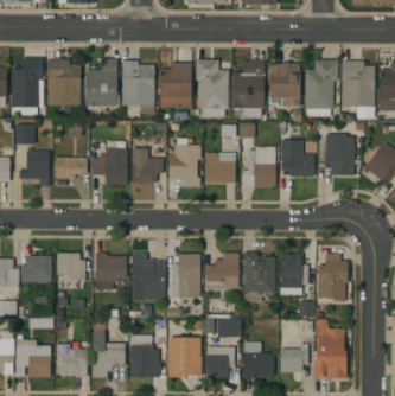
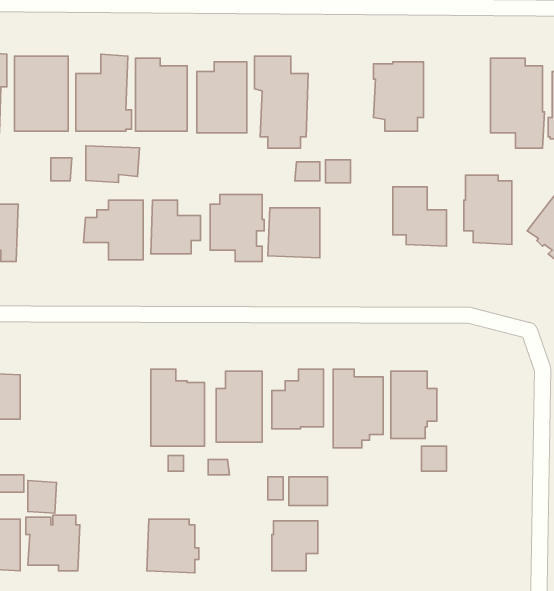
building: [304,59,338,116] -> none
building: [232,60,263,119] -> none
building: [241,146,276,186] -> none
building: [55,157,88,179] -> [86,146,140,182]
building: [57,253,91,283] -> none
building: [96,253,127,292] -> none
building: [318,254,348,301] -> none
building: [314,319,346,381] -> none
building: [91,332,125,377] -> none
building: [167,337,200,377] -> none
building: [279,339,308,371] -> none
building: [242,341,274,378] -> none

